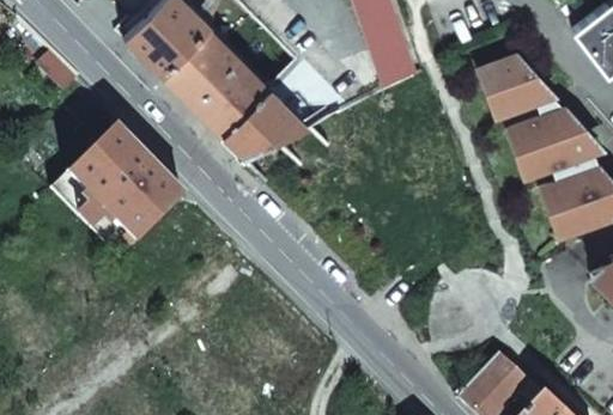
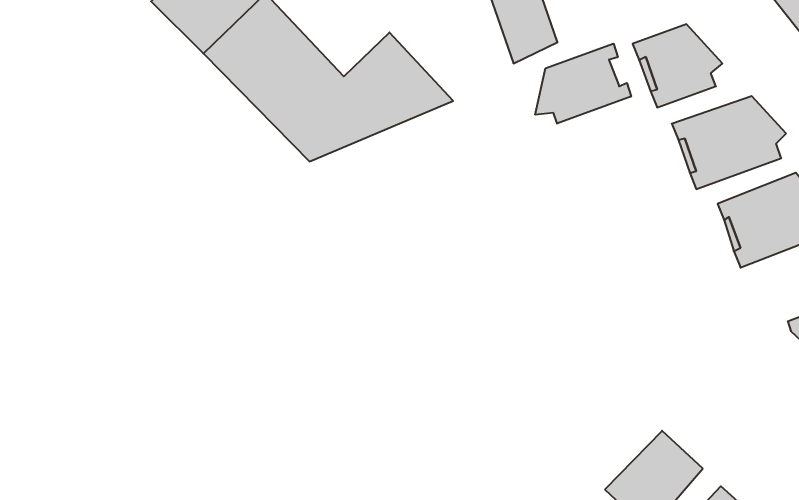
building: none -> [535,44,631,124]
building: [53,128,184,260] -> none

